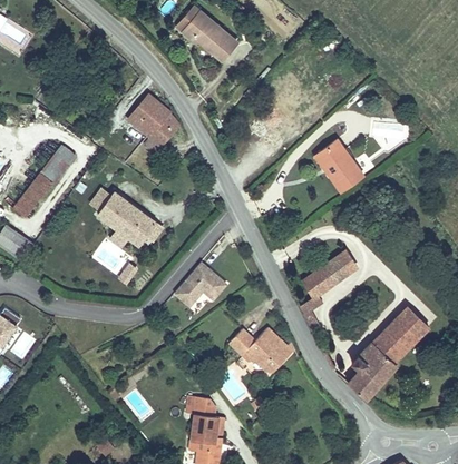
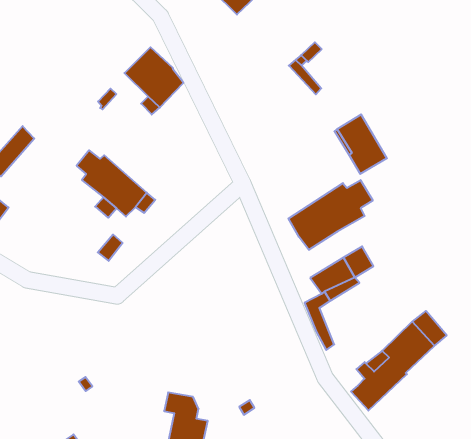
building: [41,146,75,182] -> none
building: none -> [288,180,373,250]
building: [174,263,226,306] -> none
building: [230,328,294,372] -> none

